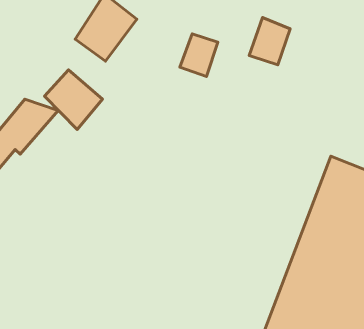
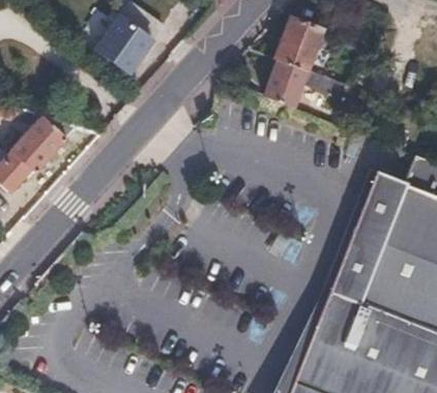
building: [180,34,218,77] -> [273,65,315,112]
building: [45,70,102,129] -> none

